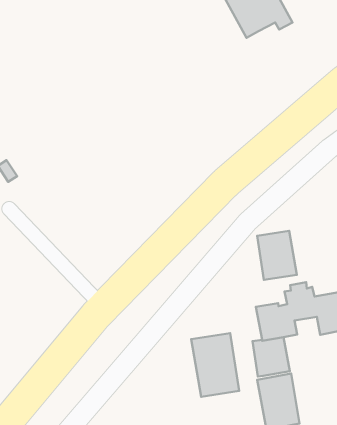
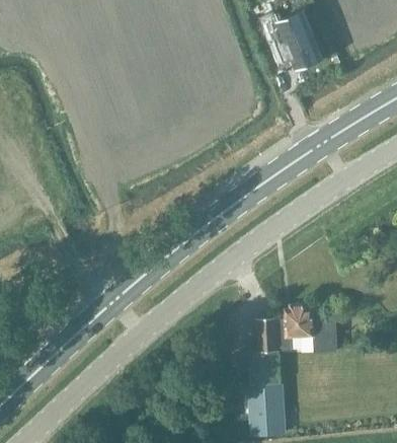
building: [257,231,297,280] -> none
building: [191,333,239,397] -> none

